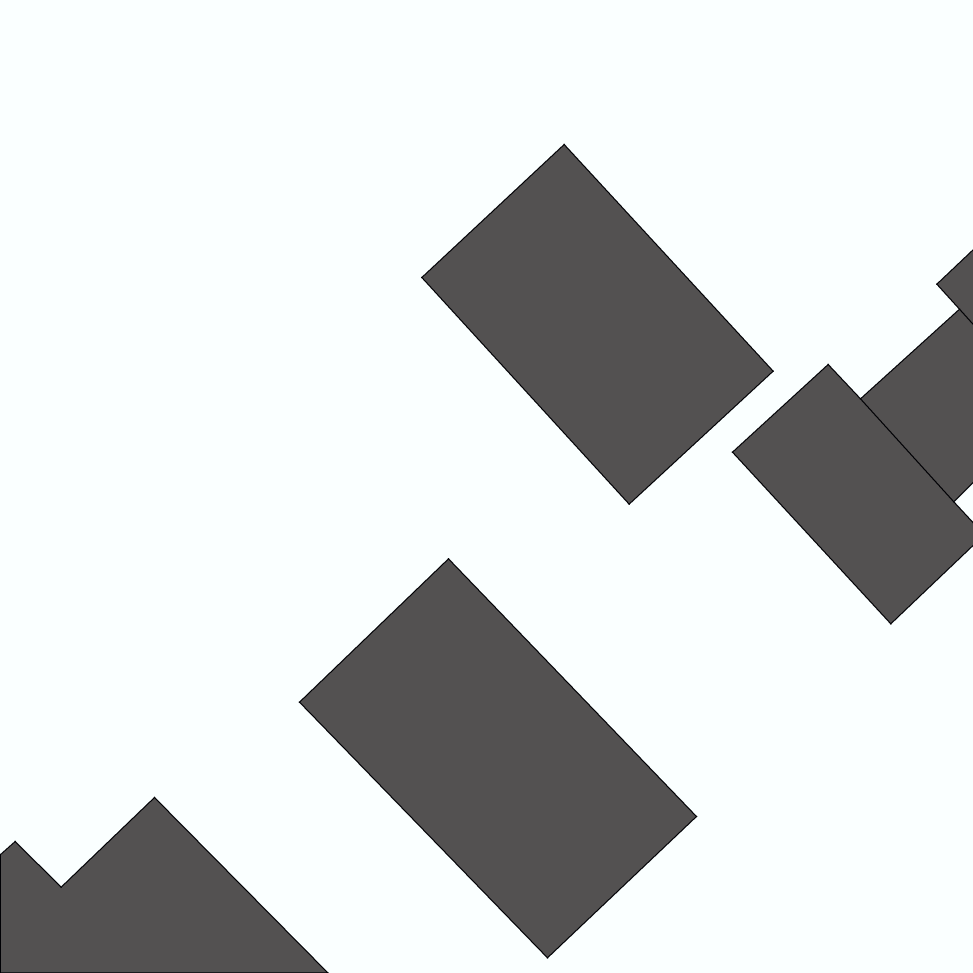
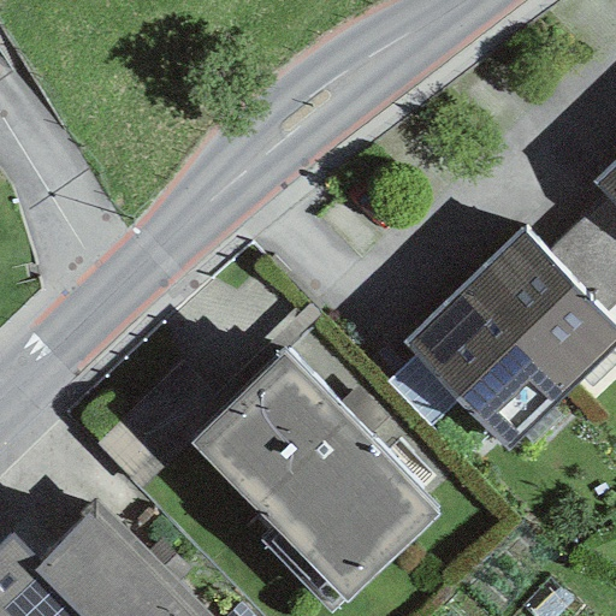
building: [422,144,773,504] -> none
building: none -> [402,285,563,450]

